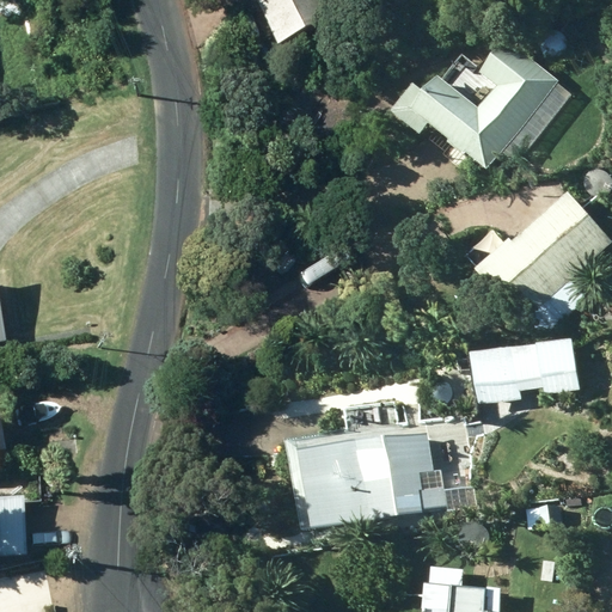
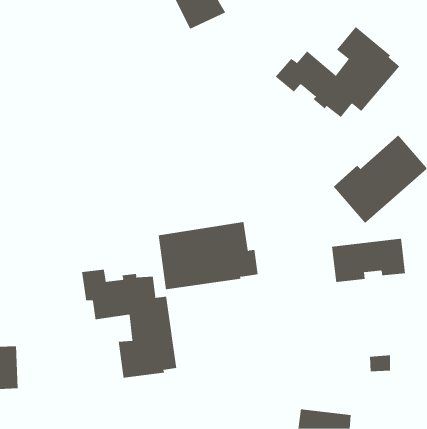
building: none -> [81,269,177,379]
building: [301,429,445,526] -> [158,222,259,290]

